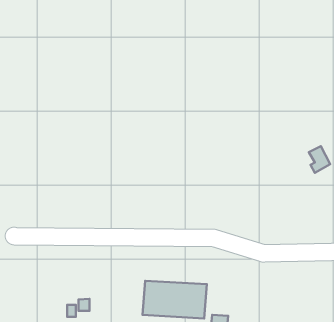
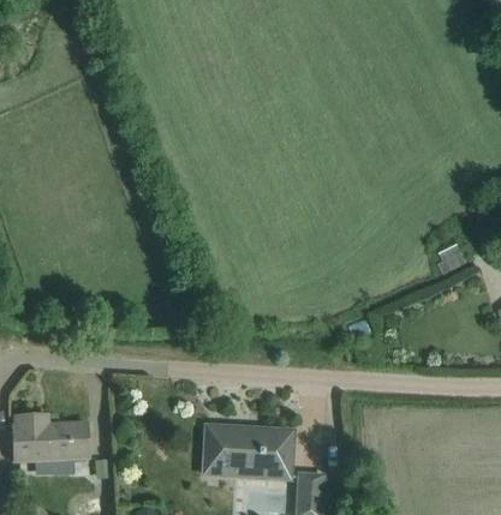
building: none -> [11,415,88,471]

